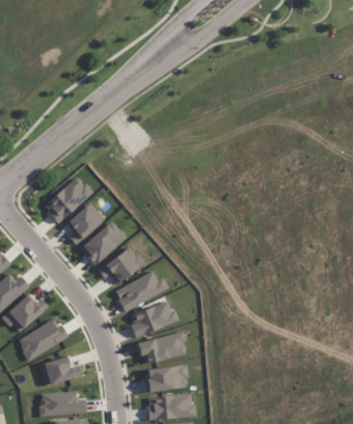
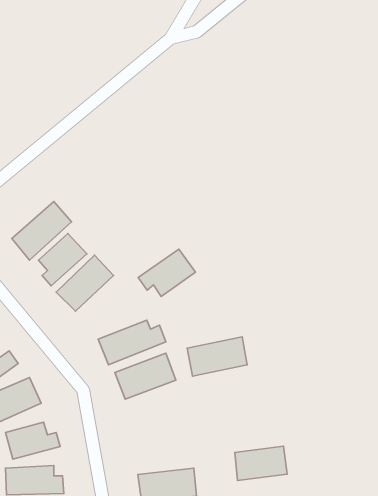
building: [97,246,143,285] -> [138,249,195,296]
building: [137,333,186,365] -> [187,337,247,376]
building: [145,365,188,393] -> [235,446,287,481]

